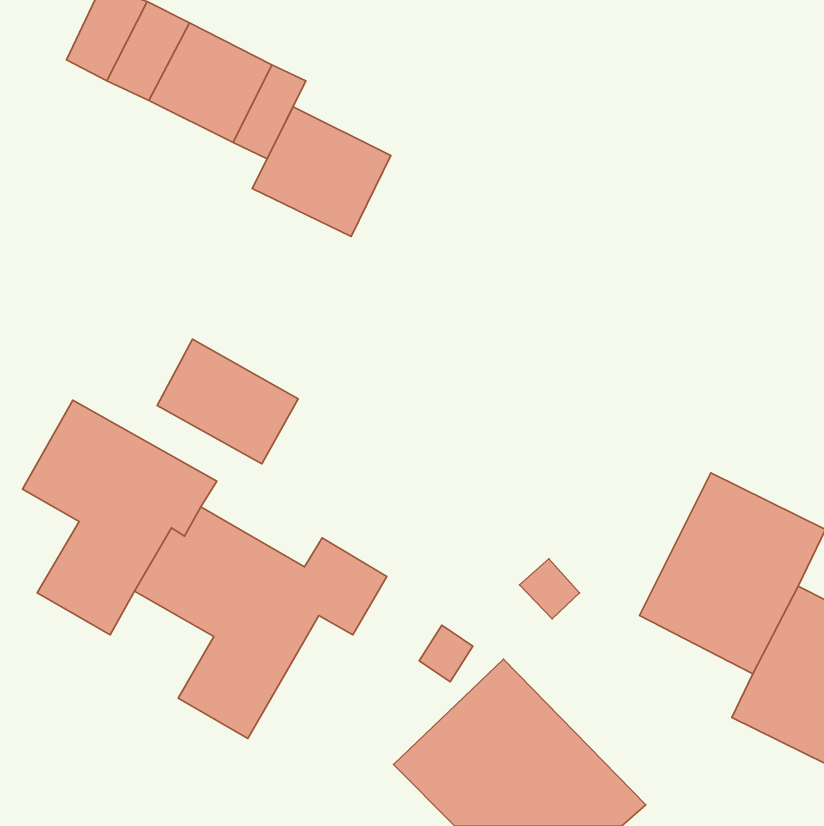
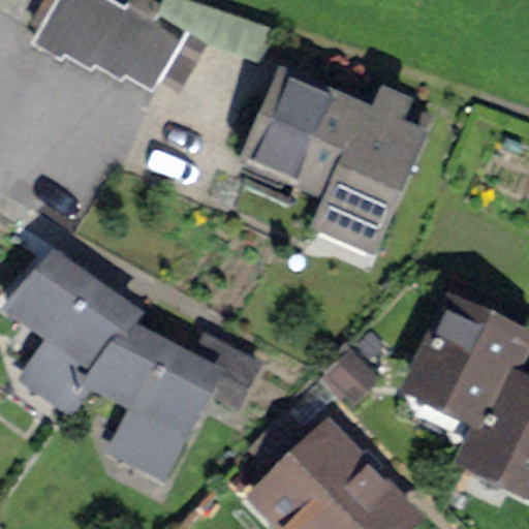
building: [252,107,391,237] -> none
building: none -> [240,71,412,247]
building: [157,339,298,464] -> none

